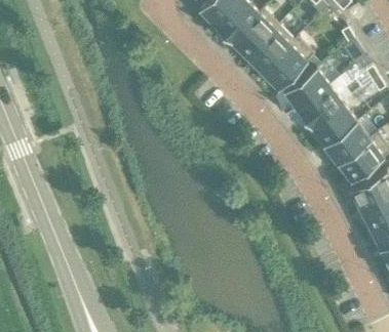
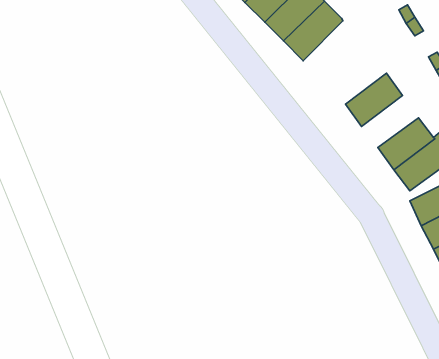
building: [263,37,315,90] -> none
building: [284,68,332,111] -> none
building: [311,103,358,147] -> none

